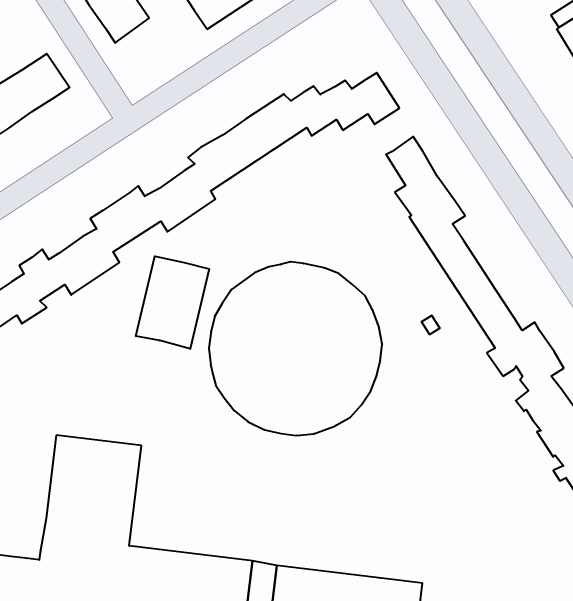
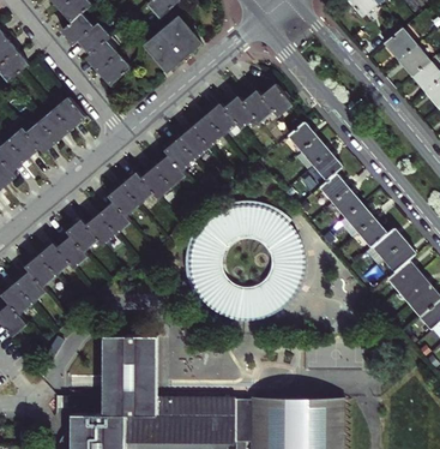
building: [136,256,209,349] -> none

